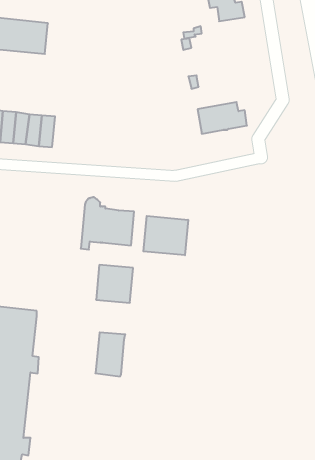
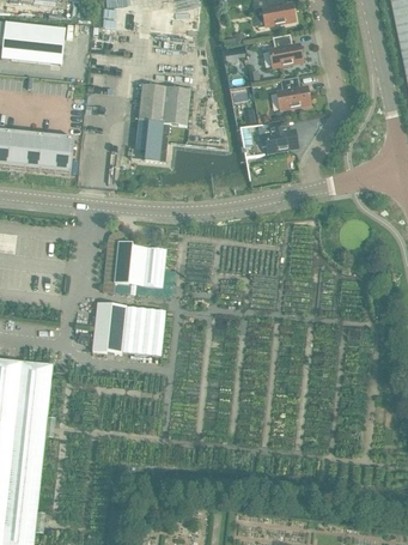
building: none -> [269,35,302,67]
building: none -> [276,77,309,109]
building: none -> [129,85,189,162]
building: [143,216,188,255] -> none
building: [95,332,125,376] -> [91,302,126,353]

